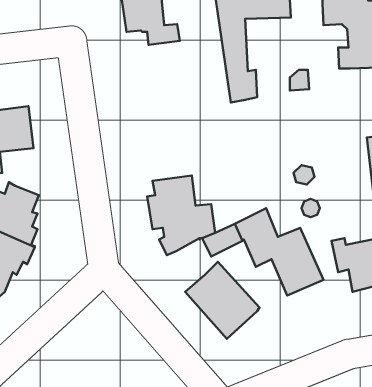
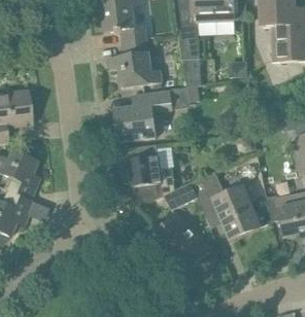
building: none -> [107,39,162,89]
building: none -> [114,85,200,142]

